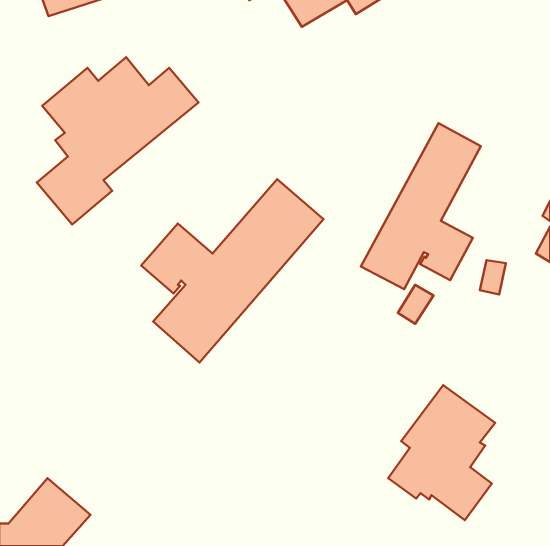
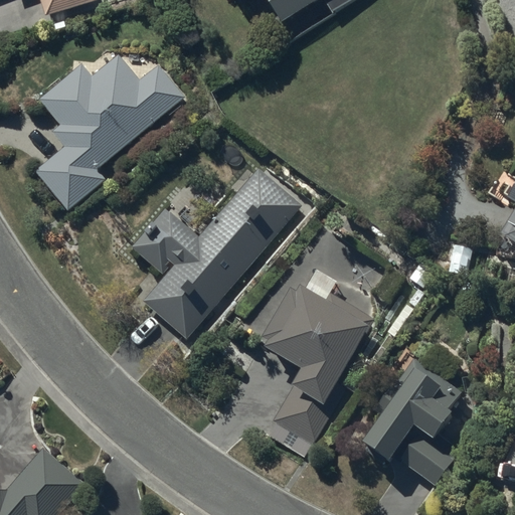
building: [361,123,481,289] -> none
building: none -> [262,268,374,455]

